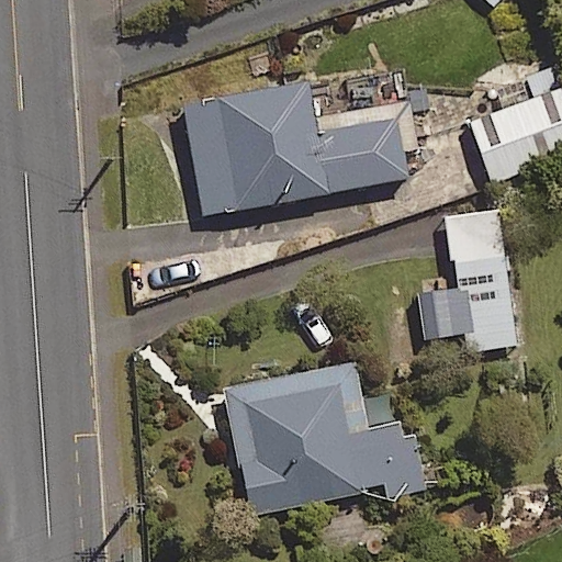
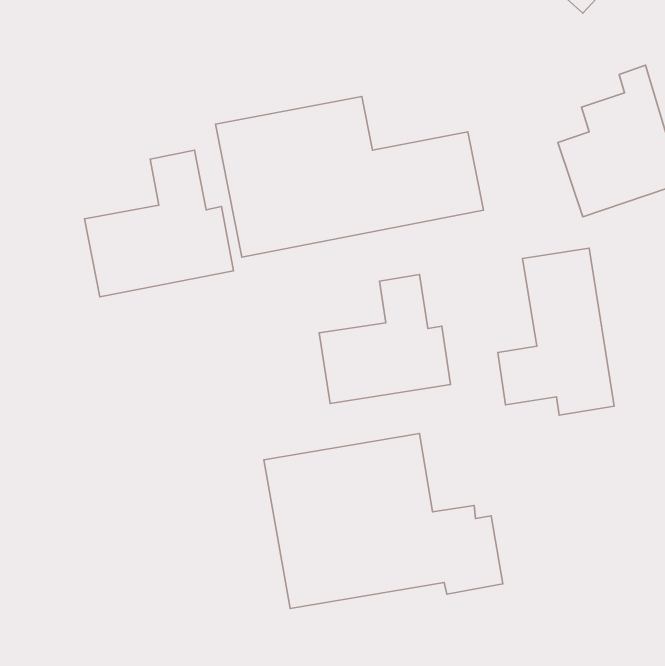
building: none -> [84,150,234,297]
building: none -> [319,275,451,403]

